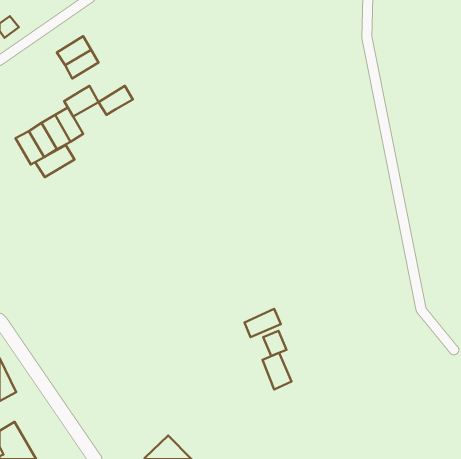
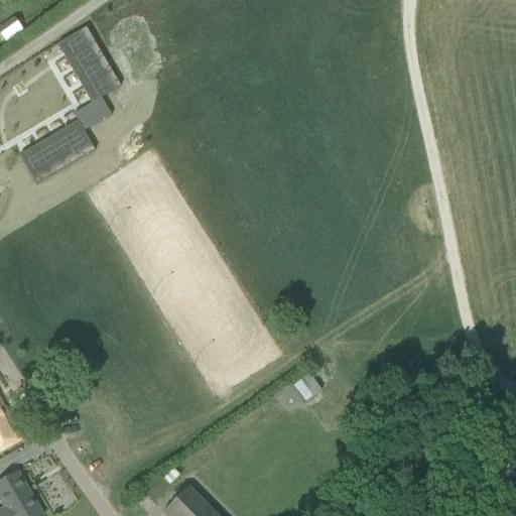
building: none -> [55,26,93,58]
building: [99,86,133,115] -> [81,70,119,102]
building: [35,145,75,177] -> none
building: [245,309,281,337] -> none
building: [263,353,292,390] -> none

